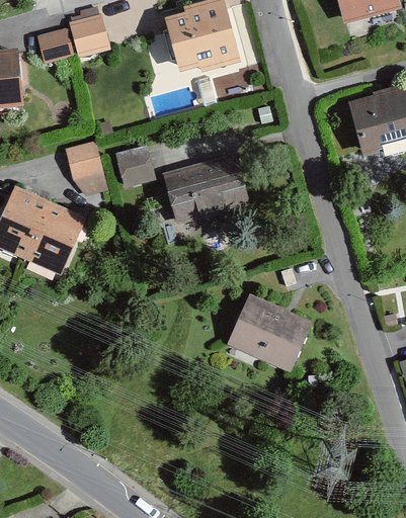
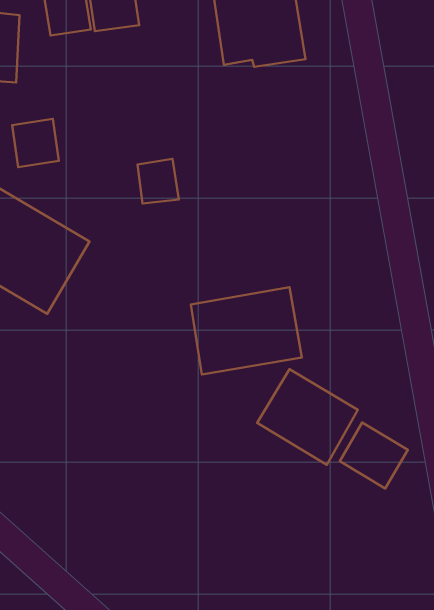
building: [65,140,103,179] -> [12,119,59,167]
building: [162,151,251,225] -> [191,287,302,375]
building: none -> [340,423,408,489]

